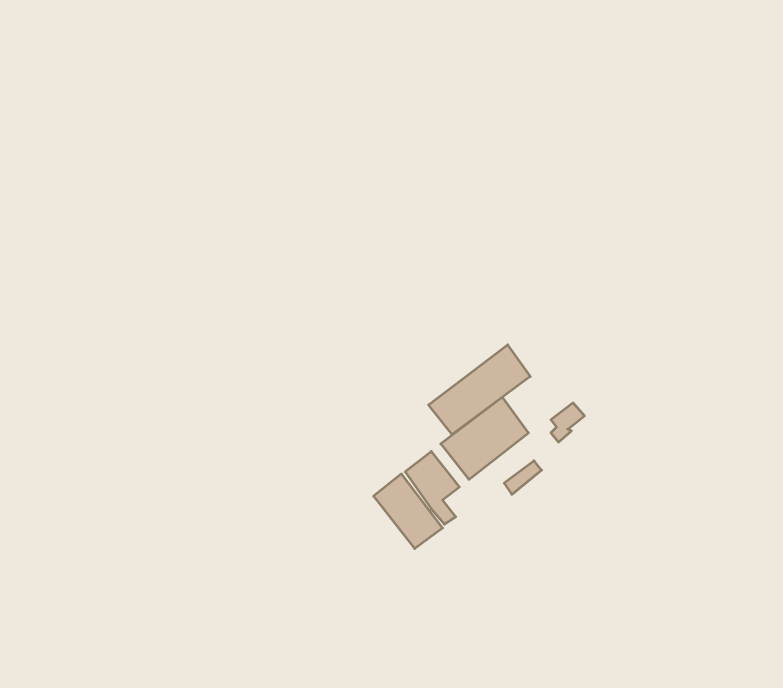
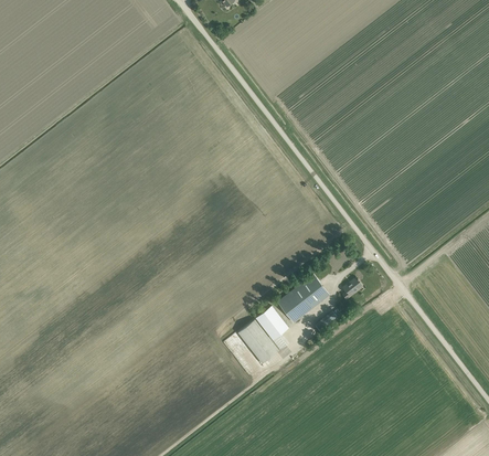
building: [429,345,530,435] -> none

